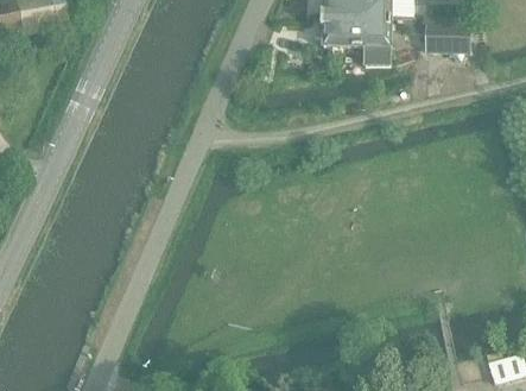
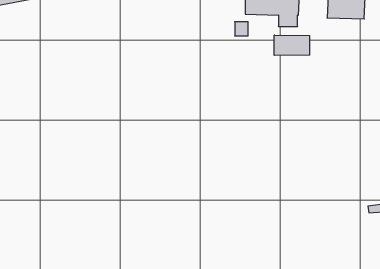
building: none -> [274,35,310,55]

